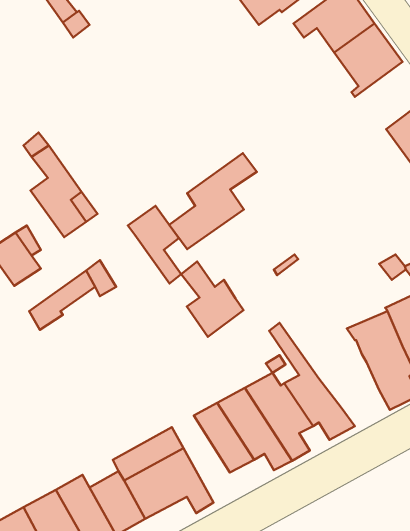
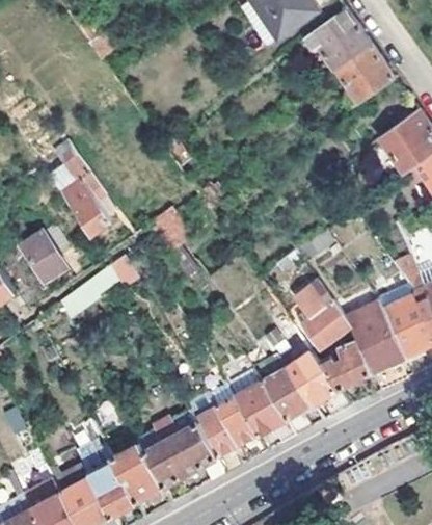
building: [169,153,257,249] -> none
building: [181,261,244,337] -> [295,284,351,351]
building: none -> [319,340,373,388]
building: none -> [187,395,240,473]

